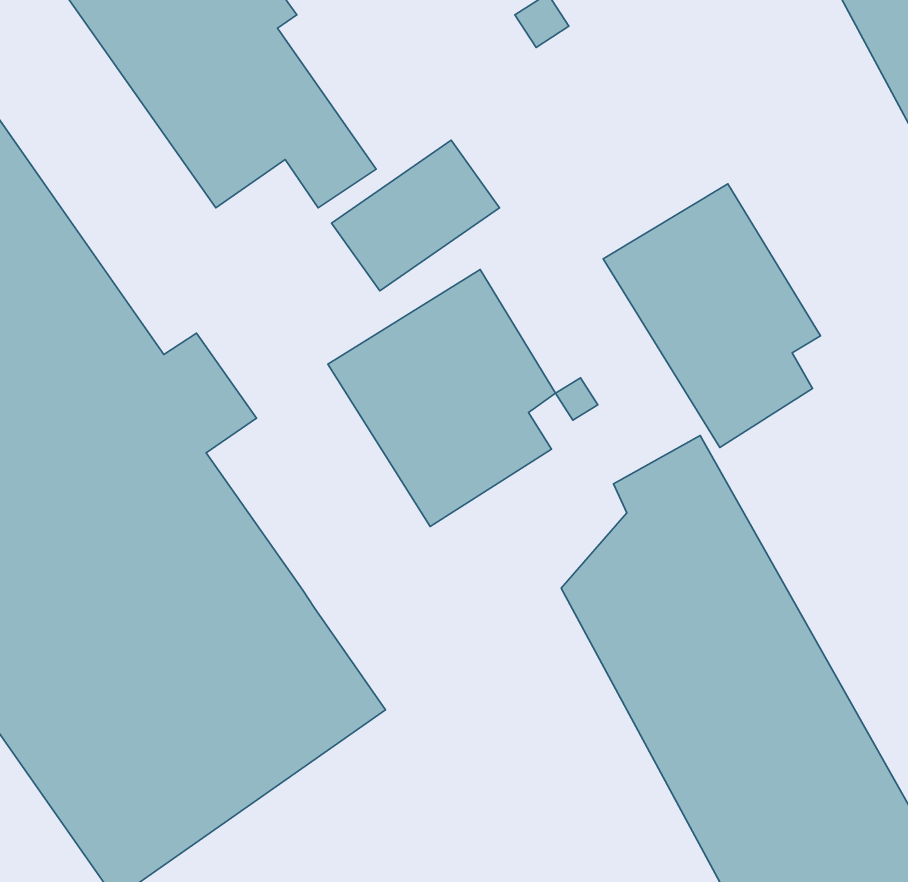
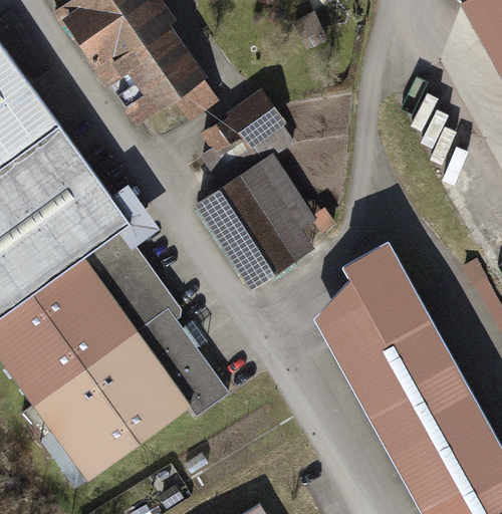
building: [603,184,820,448] -> none

